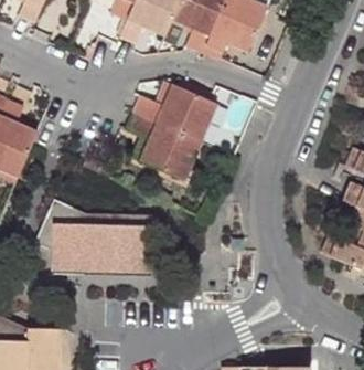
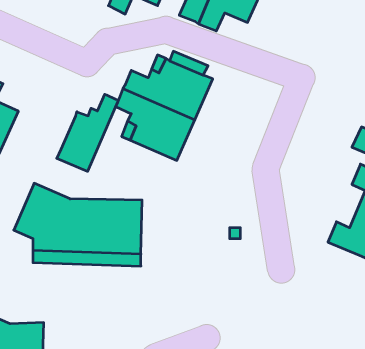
building: none -> [57,94,119,171]

